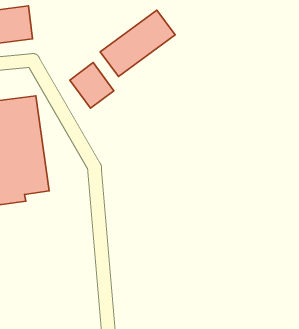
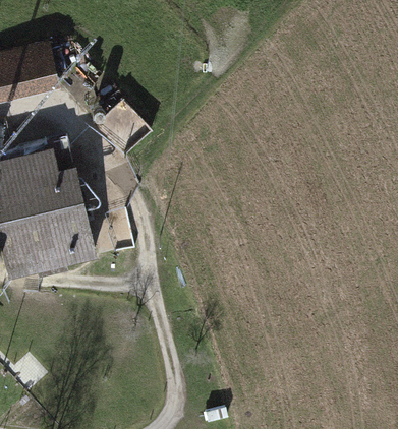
building: [100,10,175,77] -> none

